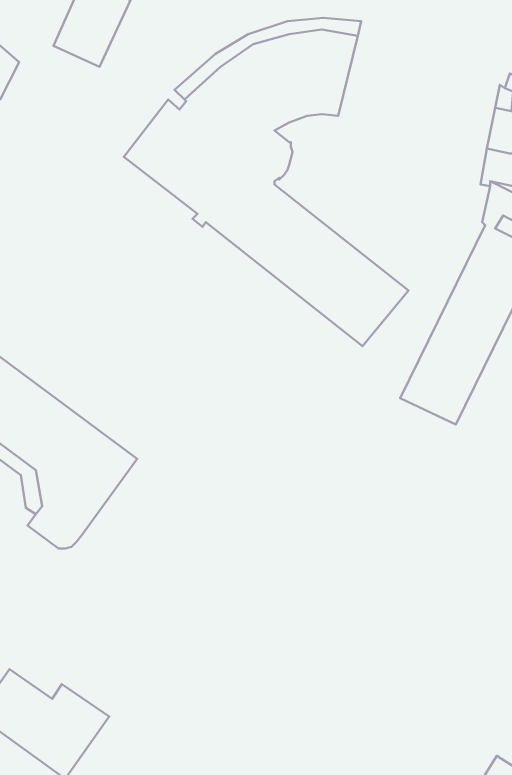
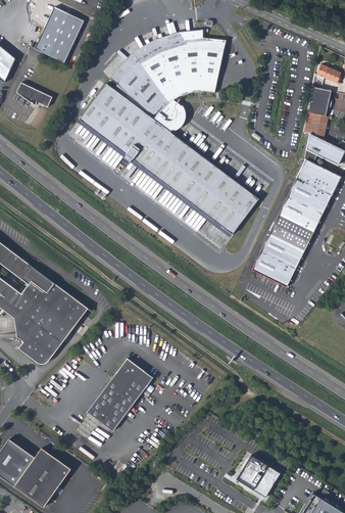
building: none -> [16,81,52,105]
building: none -> [88,358,152,430]
building: none -> [240,456,282,497]

